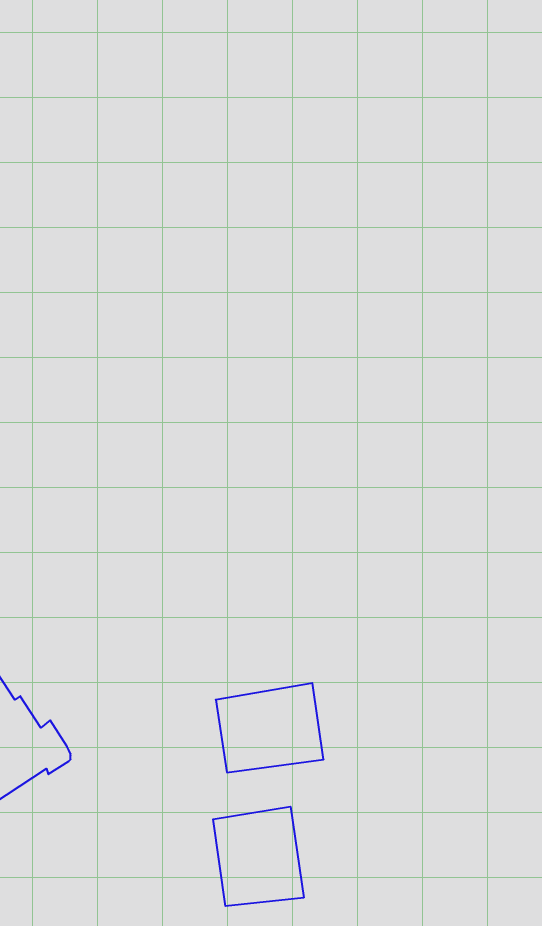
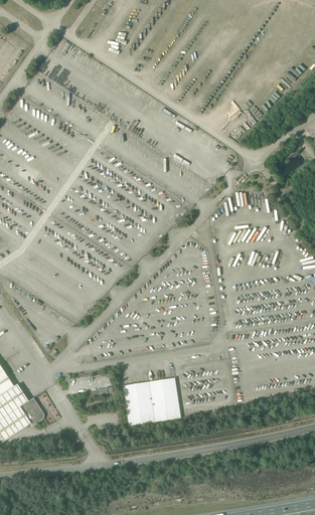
building: [213,807,304,906] -> none

